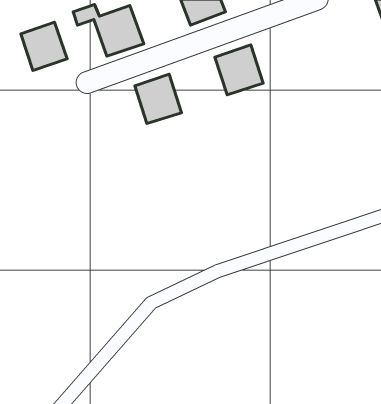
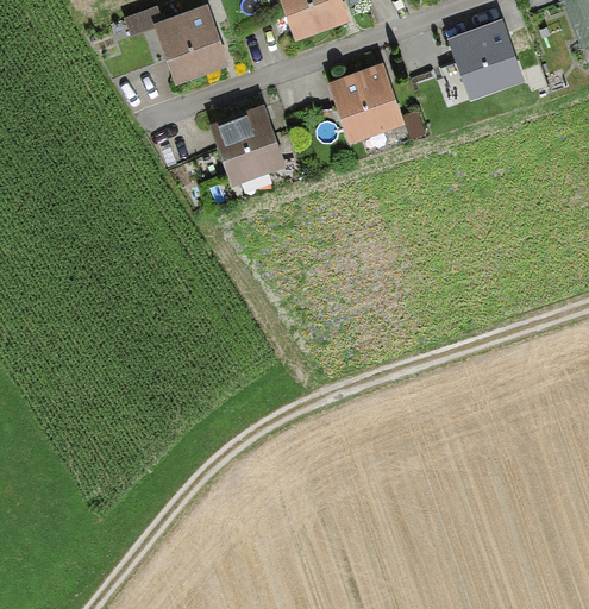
building: none -> [452,24,520,95]
building: [21,22,67,71] -> none

